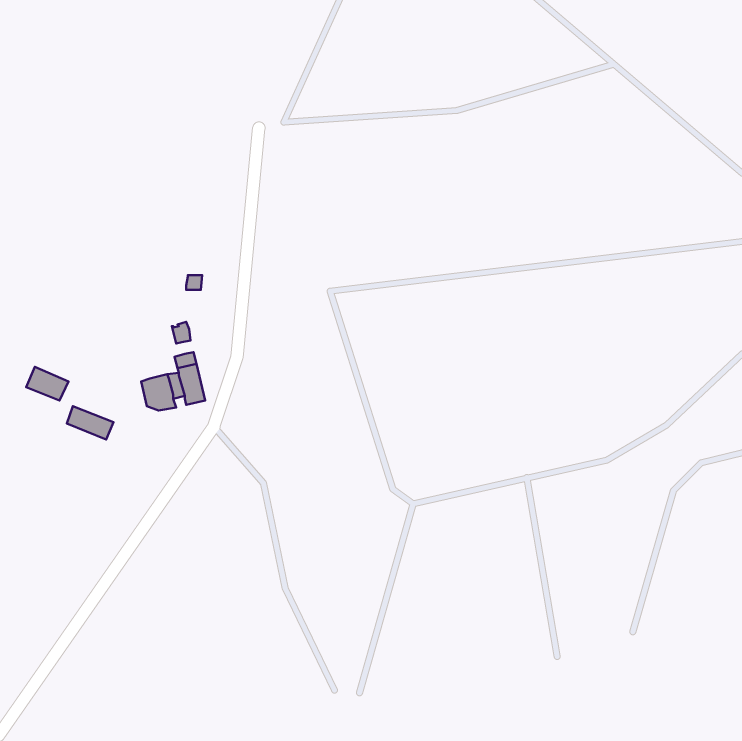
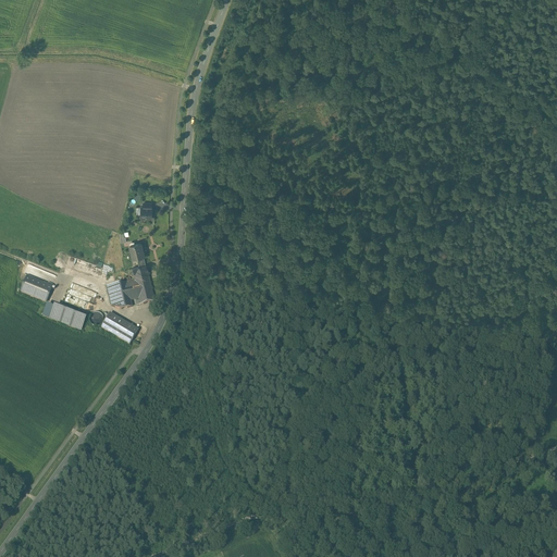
building: none -> [100,311,137,343]

